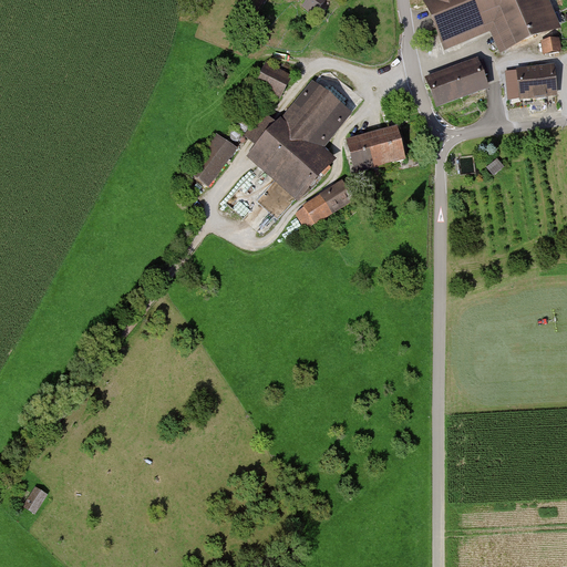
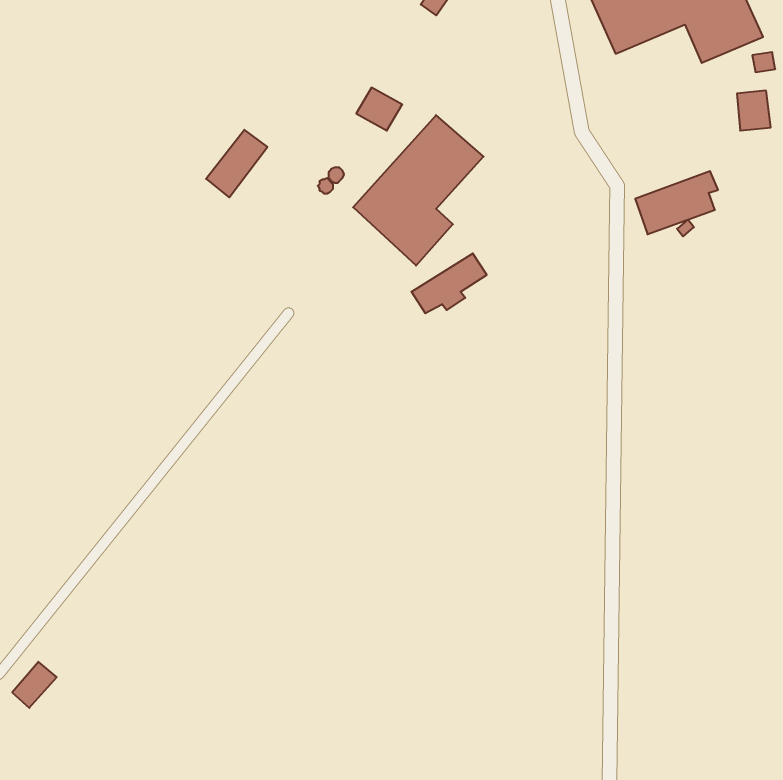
building: [427,59,487,104] -> [635,171,718,234]
building: [506,68,534,97] -> none
building: [348,127,404,171] -> none
building: [190,135,235,184] -> [206,130,267,197]

